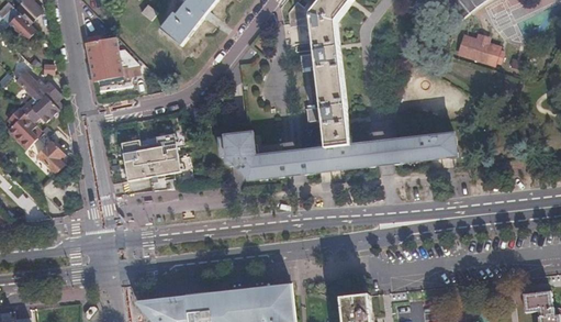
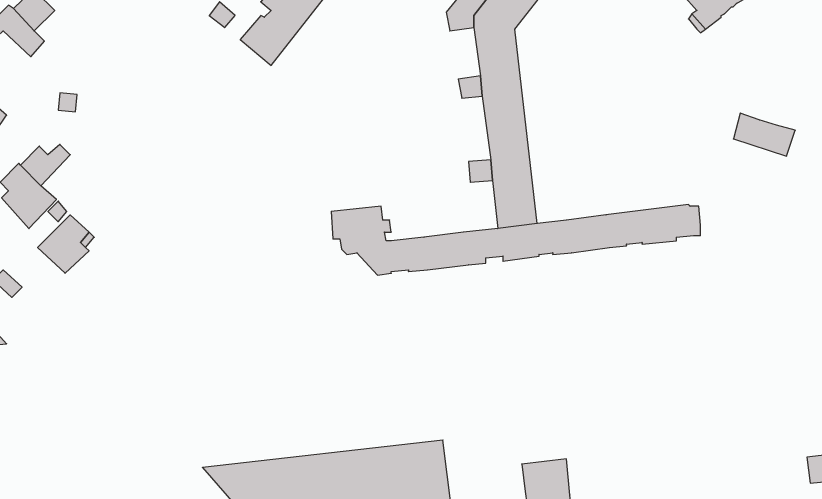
building: [83,32,137,79] -> none
building: [457,34,496,62] -> [733,113,795,156]
building: [13,66,60,107] -> none
building: [119,131,179,180] -> none

